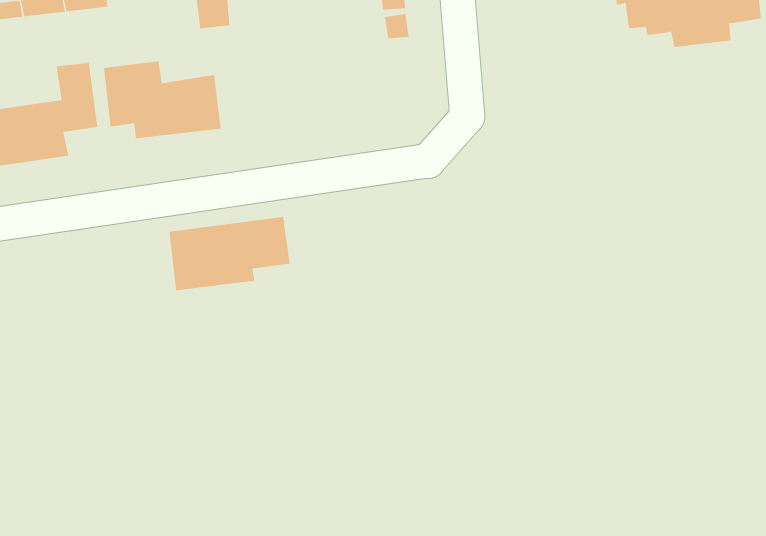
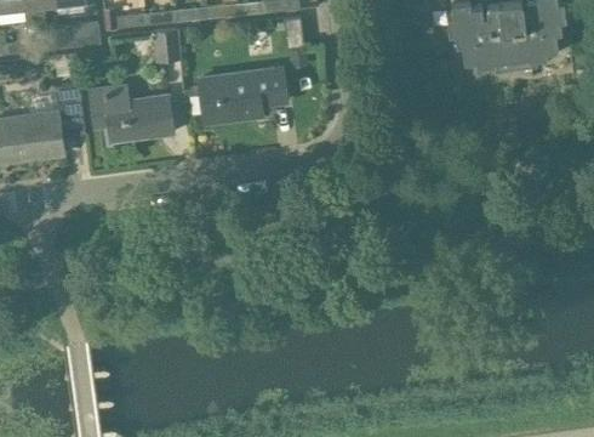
building: [169,216,291,291] -> [199,69,286,123]

